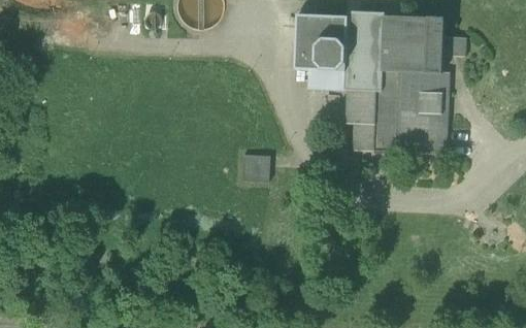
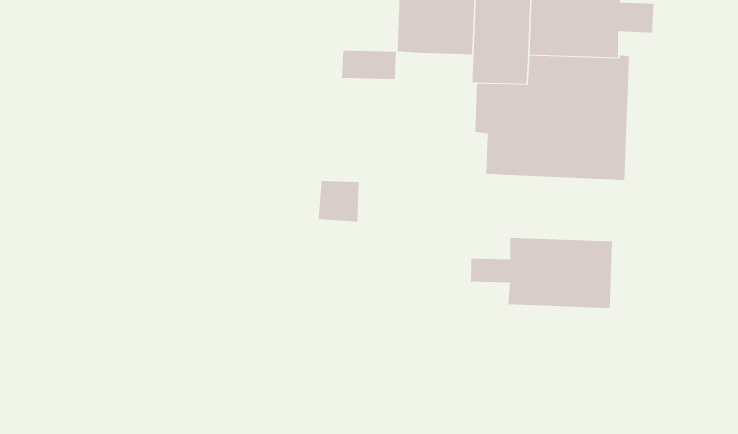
building: [307,69,344,89] -> [341,50,397,80]
building: none -> [471,237,612,309]

